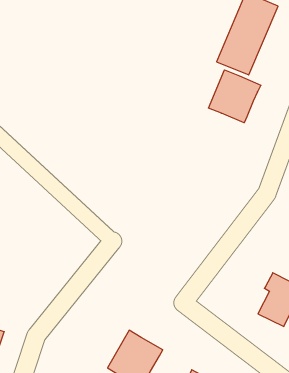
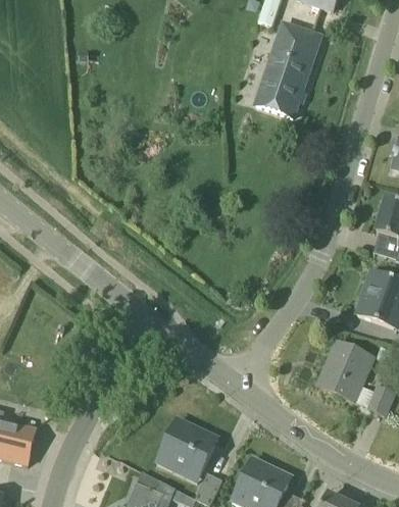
building: [209,70,261,123] -> none

